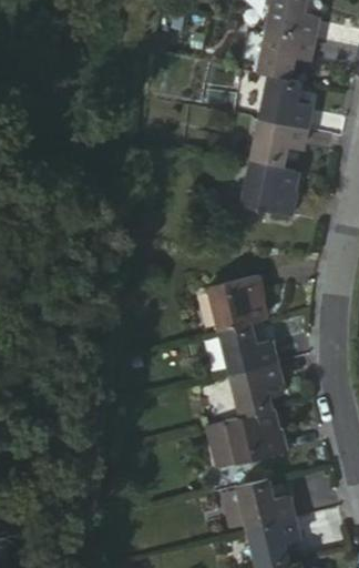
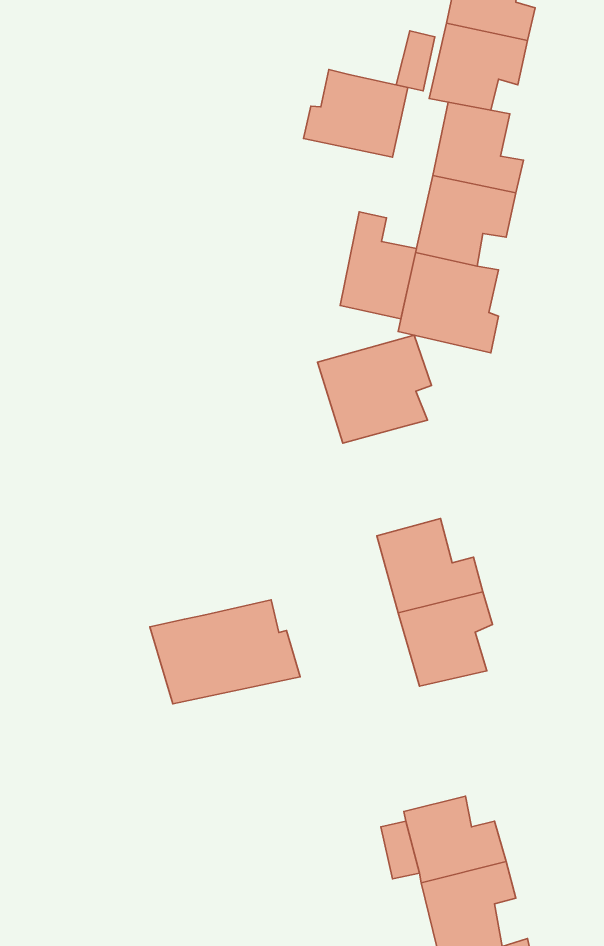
building: none -> [304,69,408,157]
building: none -> [340,212,416,319]
building: [207,267,273,329] -> [318,335,431,443]
building: [215,407,301,467] -> [150,600,300,704]

